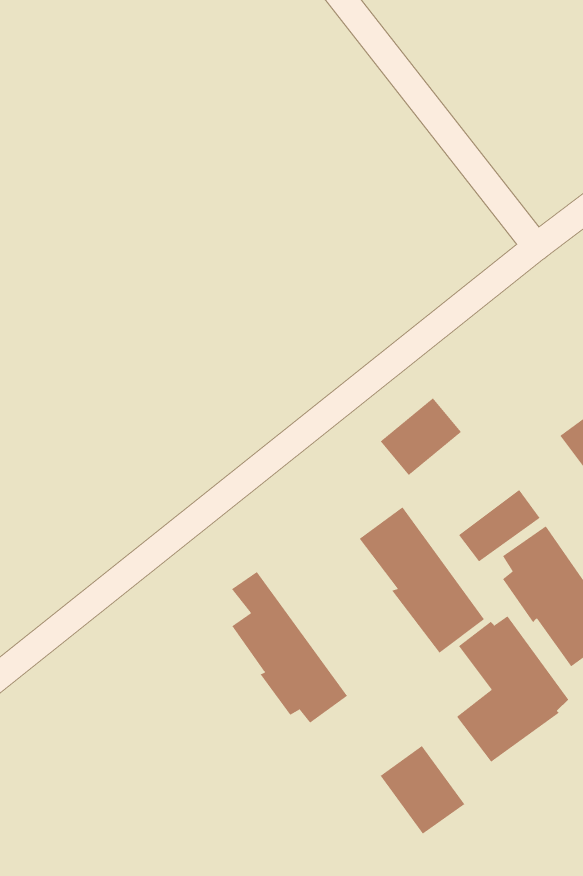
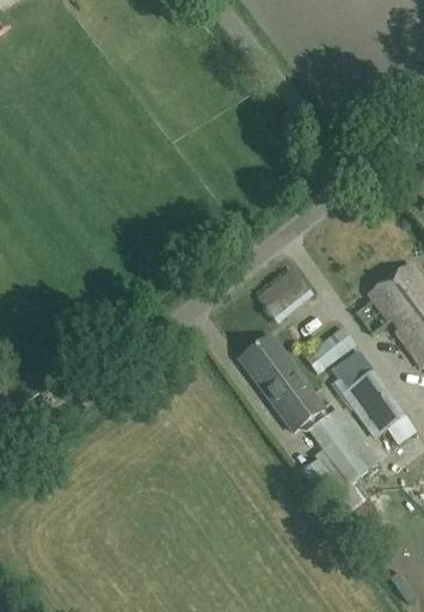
building: [231,571,348,724] -> none
building: [380,745,465,835] -> none

